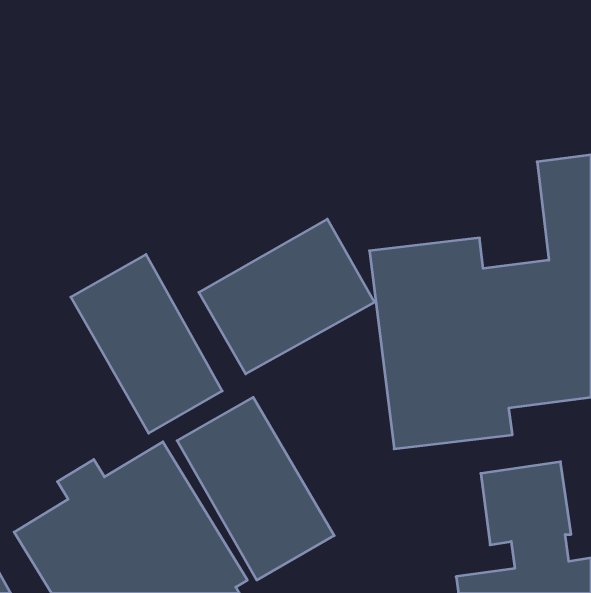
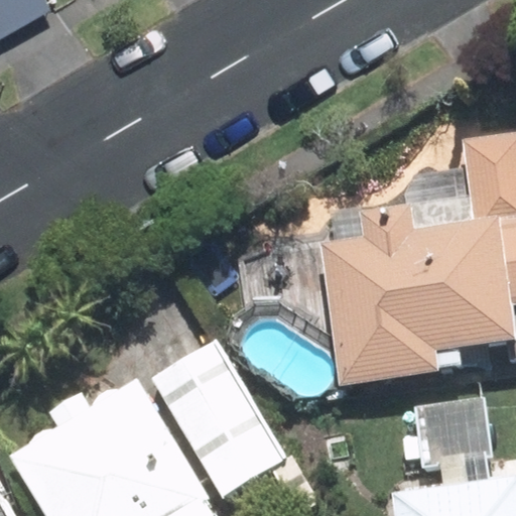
building: [199,219,375,374] -> none
building: [71,254,222,433] -> none

